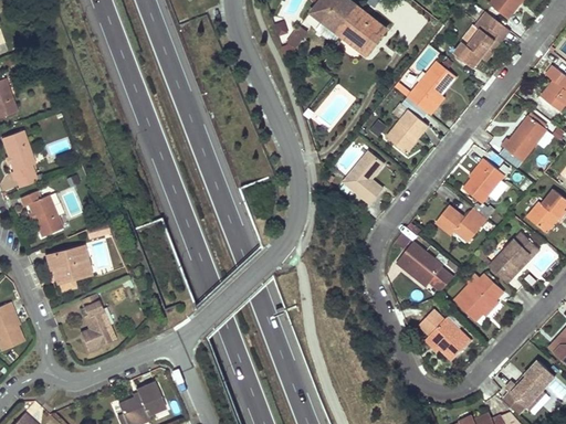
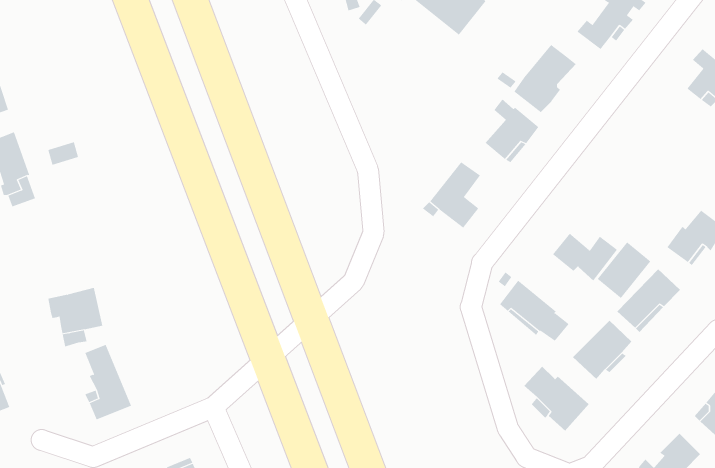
building: [502,117,549,163] -> none
building: [463,161,505,205] -> [597,242,651,299]
building: [20,190,61,235] -> none

